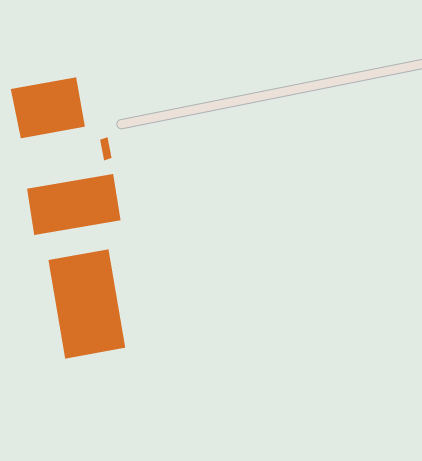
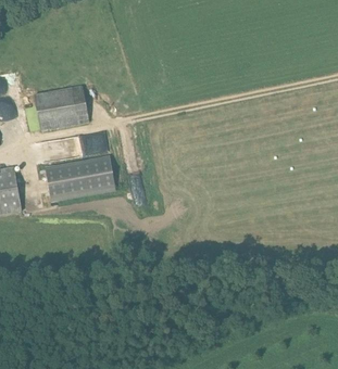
building: [47,248,126,359] -> none

